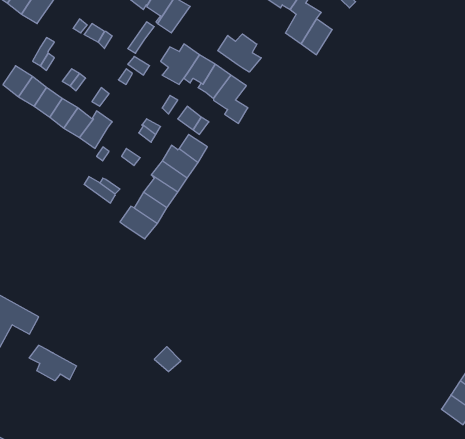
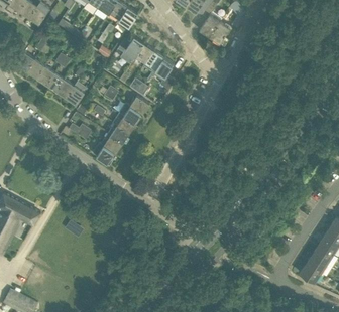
building: [218,34,261,72] -> none
building: [29,345,77,381] -> none

